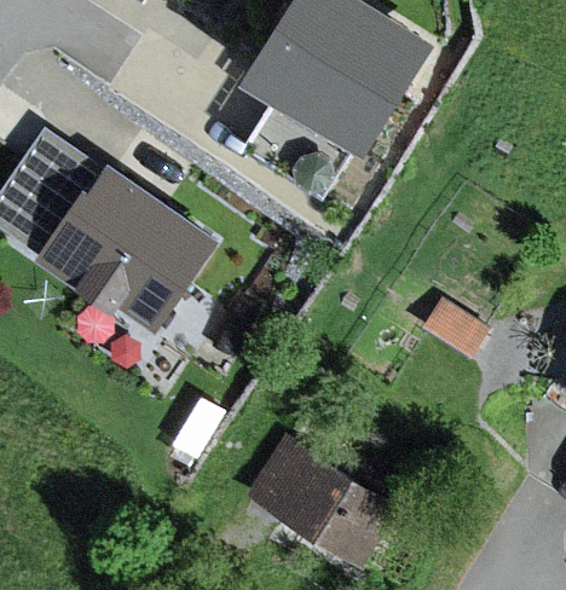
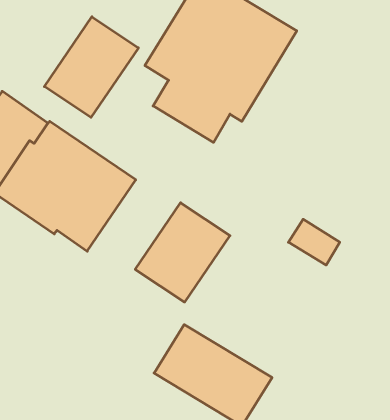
building: none -> [44,17,138,117]
building: none -> [135,203,230,302]

